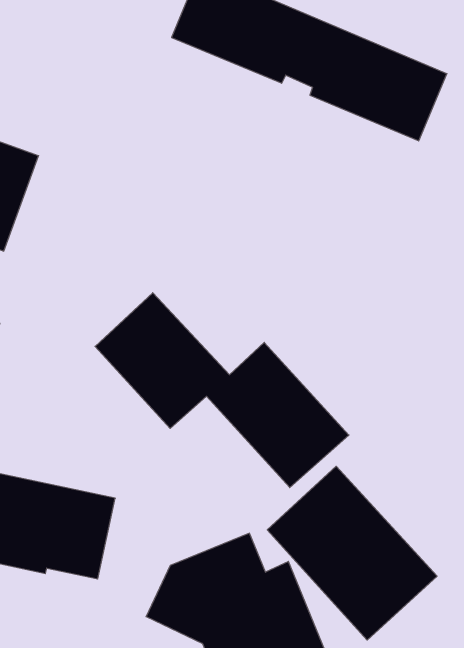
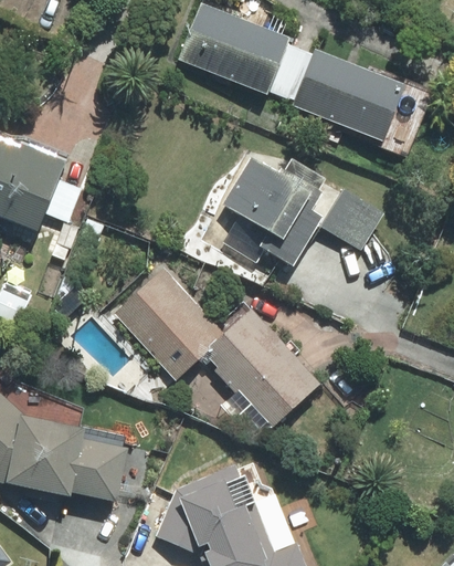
building: none -> [223,158,382,263]
building: [267,466,437,640] -> none

